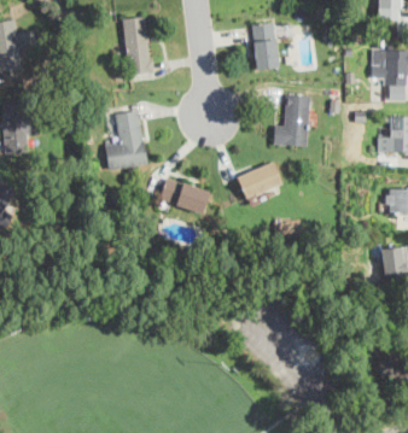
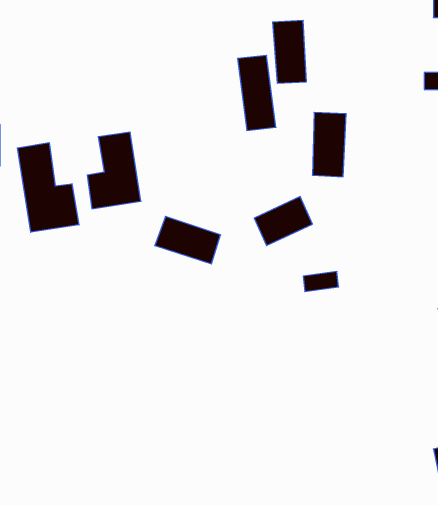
building: [122,17,152,76] -> [238,55,276,130]
building: none -> [18,143,79,232]

